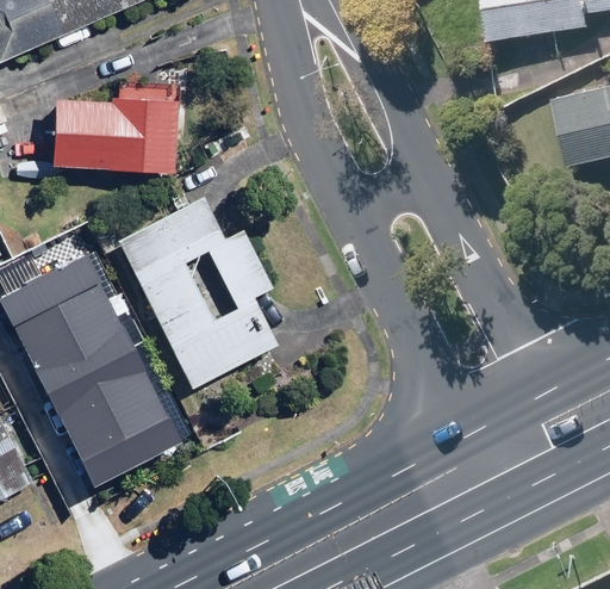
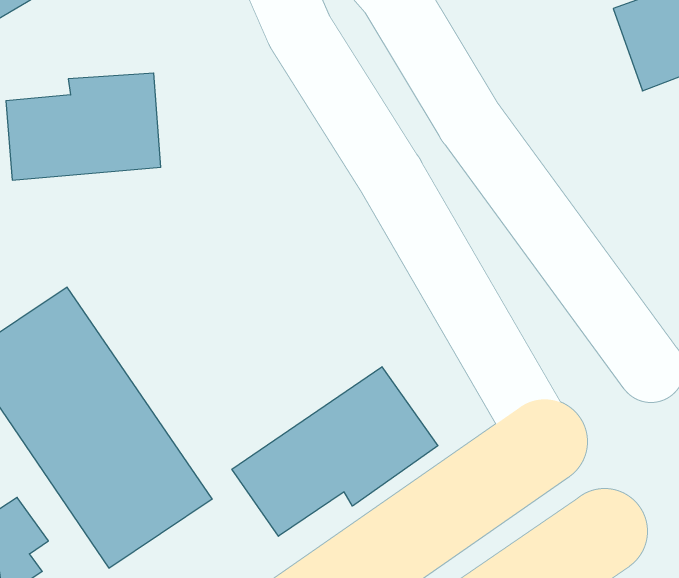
building: [118,193,279,386] -> none
building: none -> [232,367,438,536]

